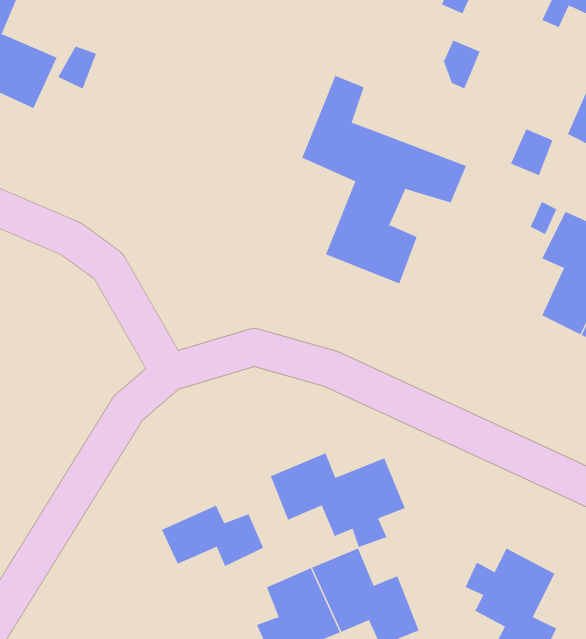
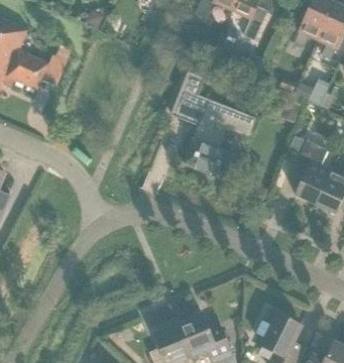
building: [270,453,406,548] -> none
building: [161,505,264,567] -> none

